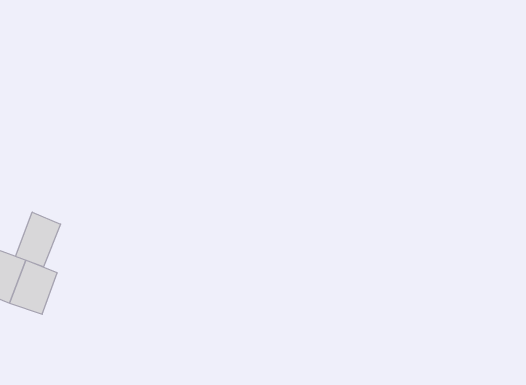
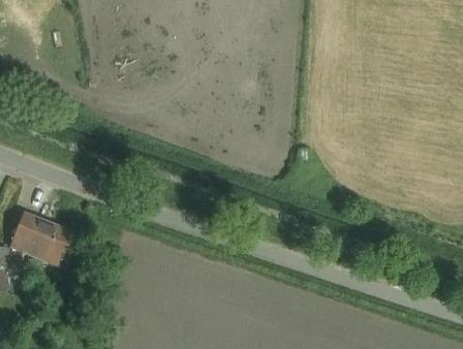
building: [15,212,61,267] -> none

